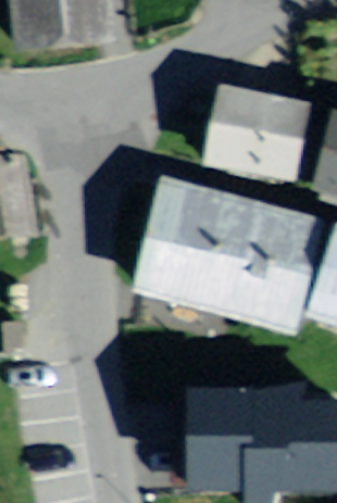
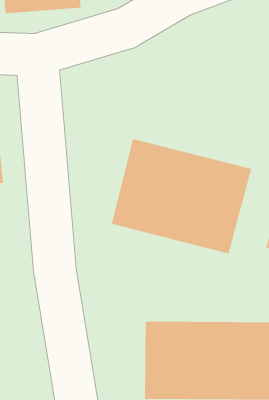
building: [213,97,300,171] -> none

